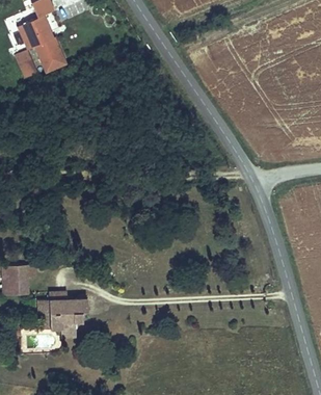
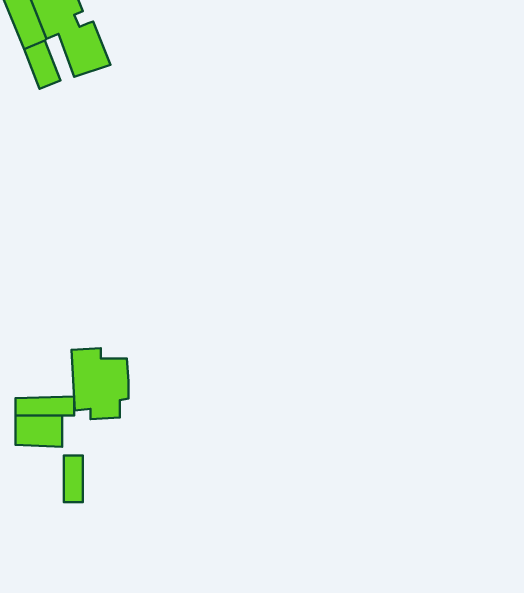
building: [54,296,88,339] -> [72,348,129,419]

